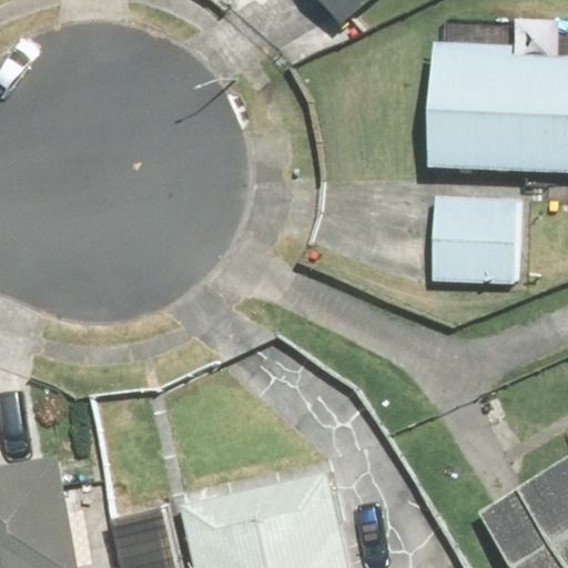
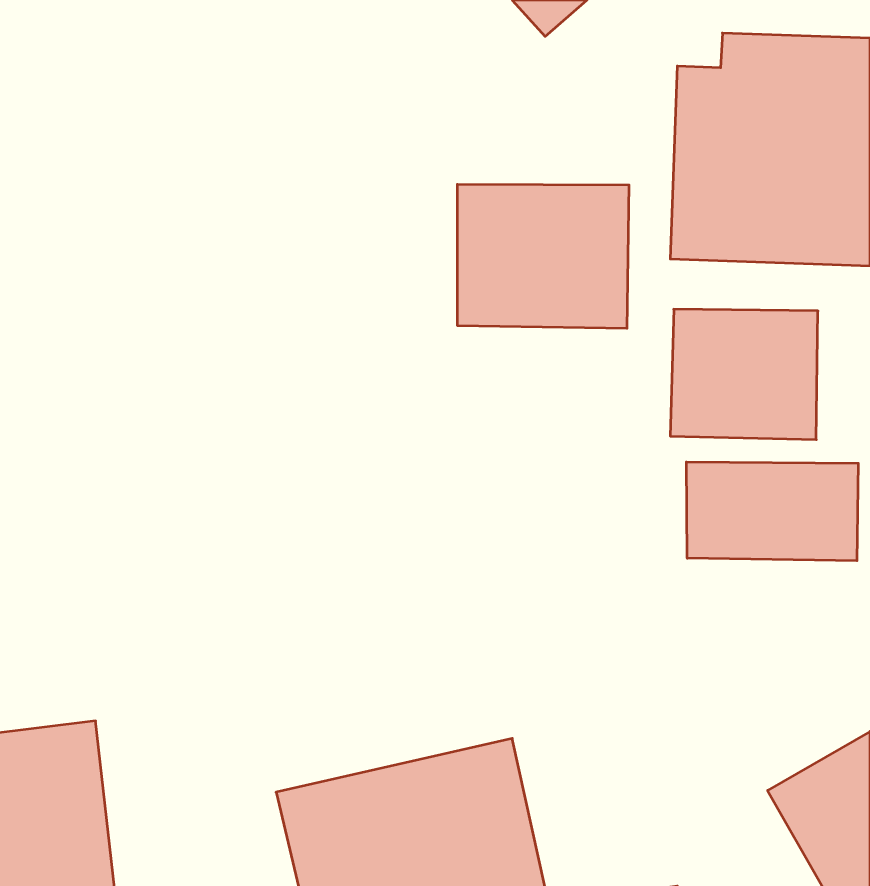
building: none -> [457,184,629,328]
building: none -> [686,462,858,561]

